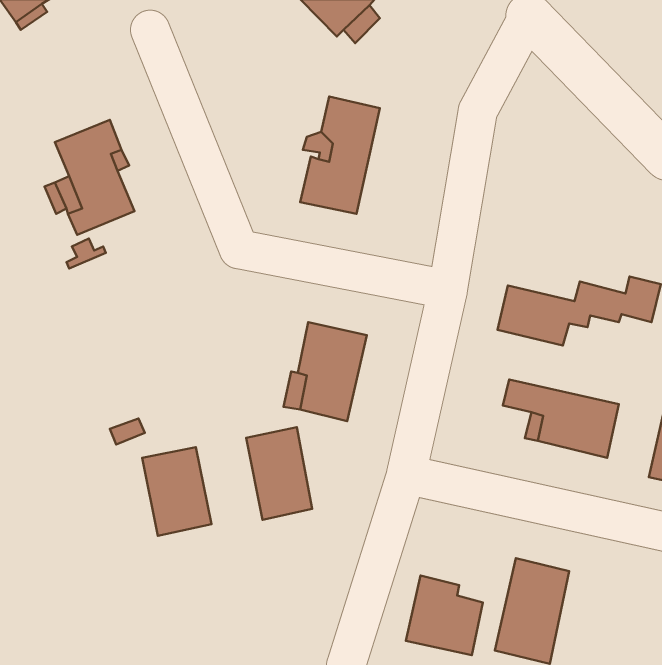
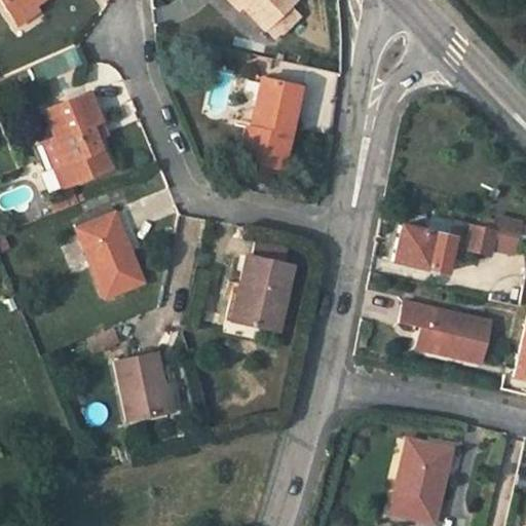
building: none -> [78,213,146,297]
building: [246,427,312,520] -> none
building: [406,575,483,655] -> none

